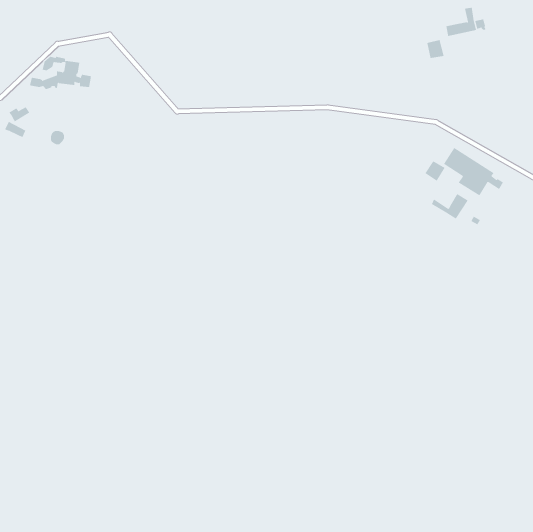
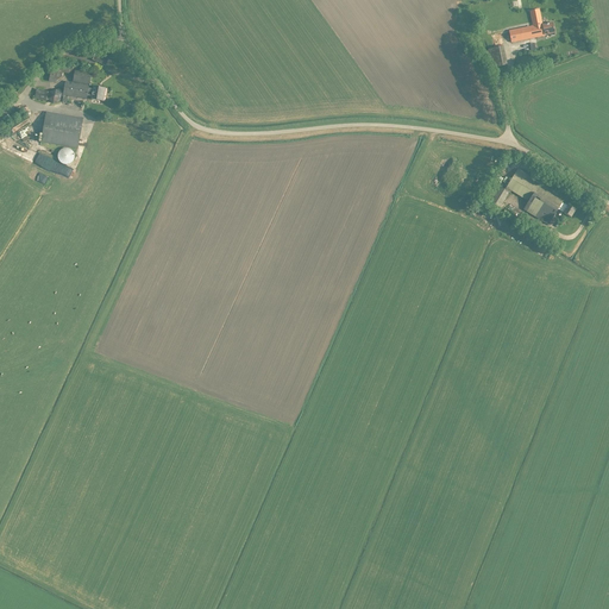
building: none -> [40,112,82,149]
building: [431,193,468,220] -> none

